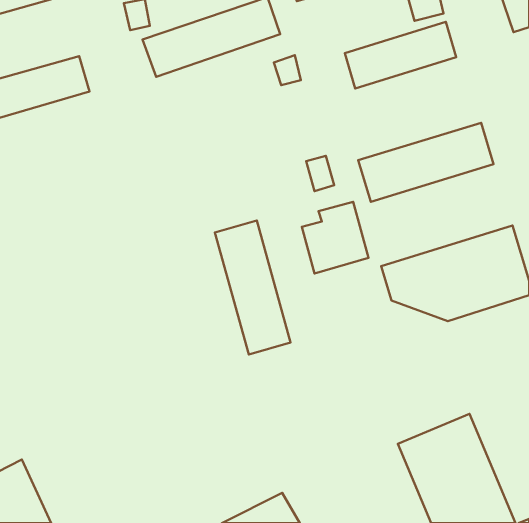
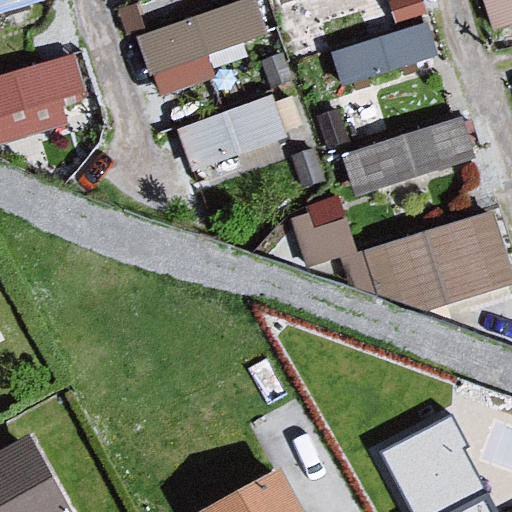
building: none -> [177,98,287,171]
building: [215,221,291,354] -> none

